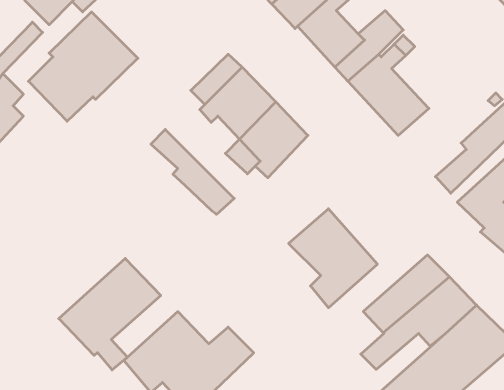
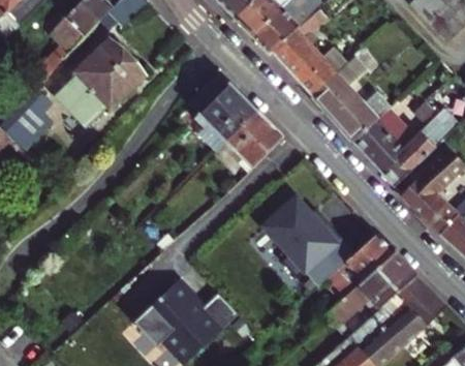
building: none -> [353,106,415,172]
building: [151,129,234,214] -> none
building: [59,258,161,370] -> none

